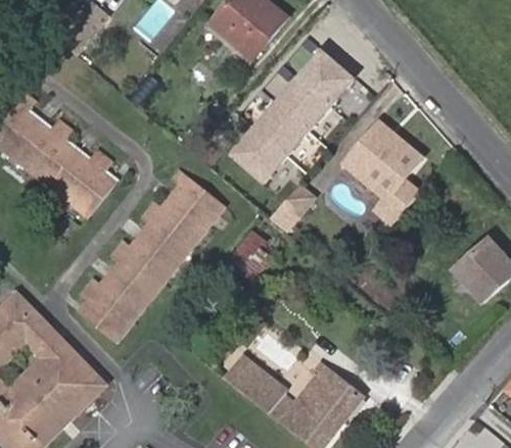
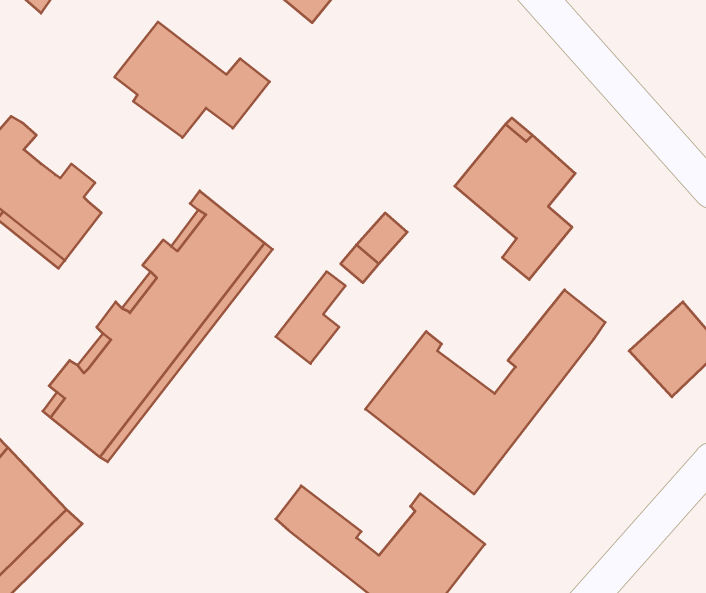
building: [233,51,353,180] -> none
building: none -> [115,22,270,138]
building: none -> [365,290,605,494]

